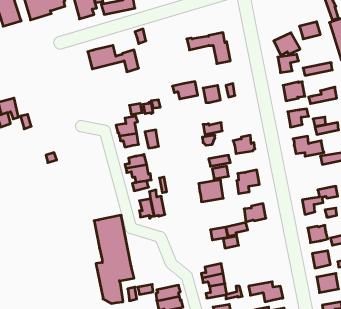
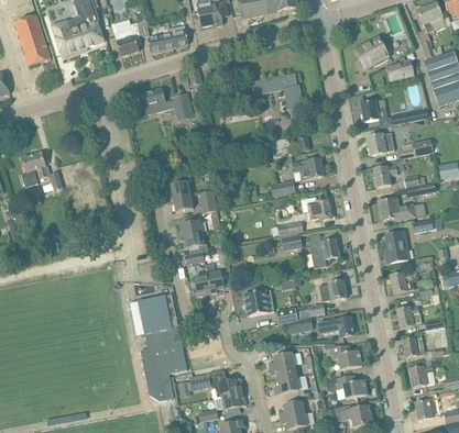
building: [274,33,300,55] -> [357,38,389,66]
building: [172,82,198,99] -> [293,158,324,179]
building: none -> [385,231,408,262]
building: [199,180,223,202] -> [244,289,274,315]
building: none -> [318,317,356,336]
building: none -> [329,344,362,369]

